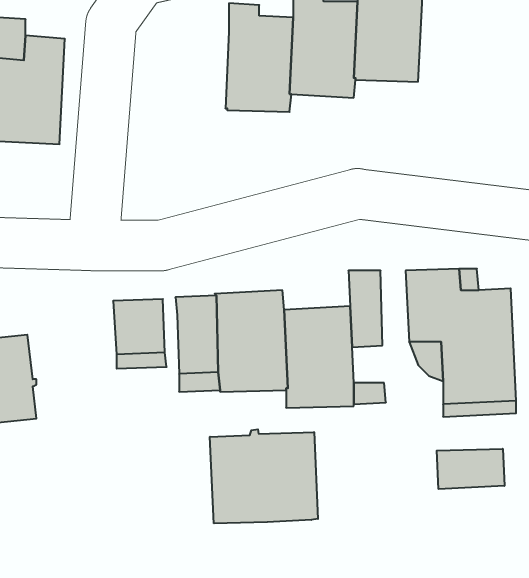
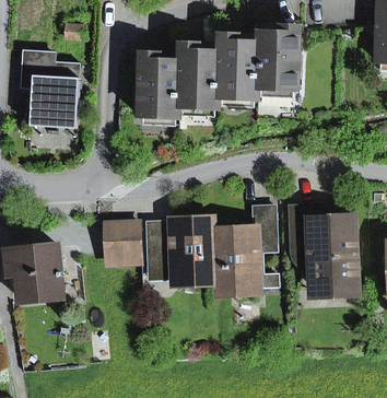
building: none -> [138,51,179,118]
building: [210,429,318,523] -> none
building: [437,449,504,489] -> none

